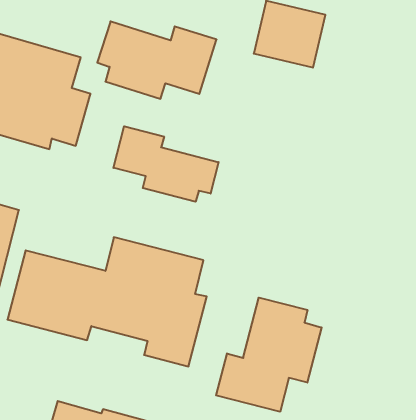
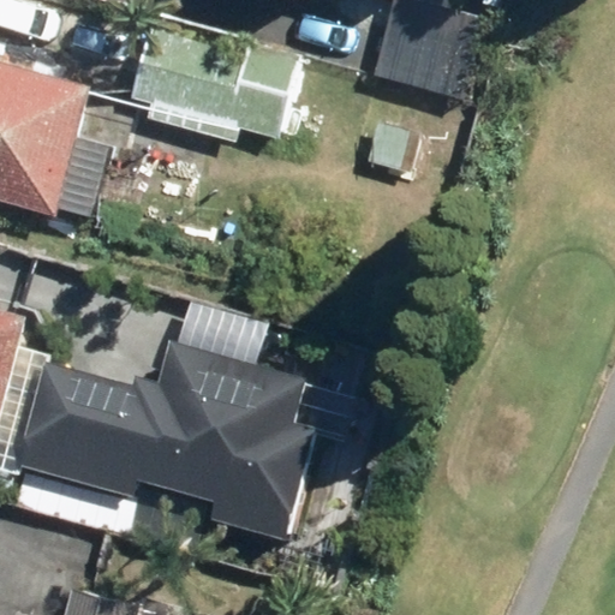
building: [113,126,219,202] -> none
building: [216,298,322,412] -> none

